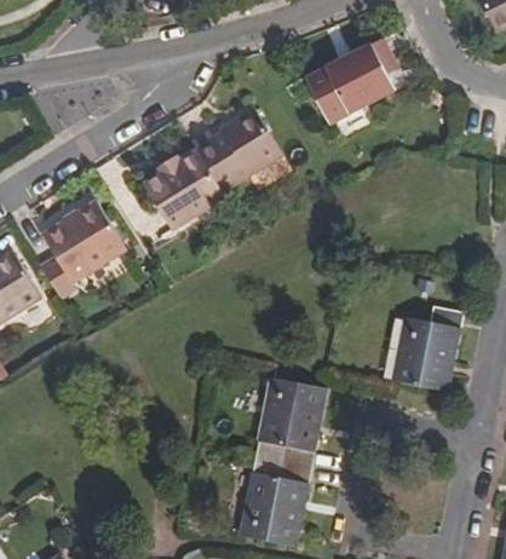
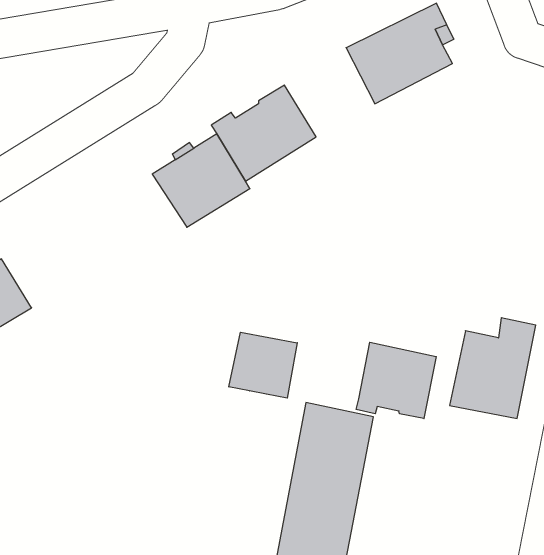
building: [40,203,125,299] -> none
building: none -> [229,332,297,398]
building: none -> [356,342,436,419]

